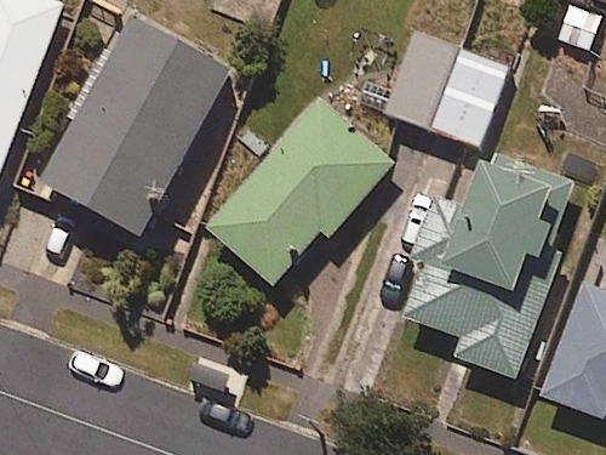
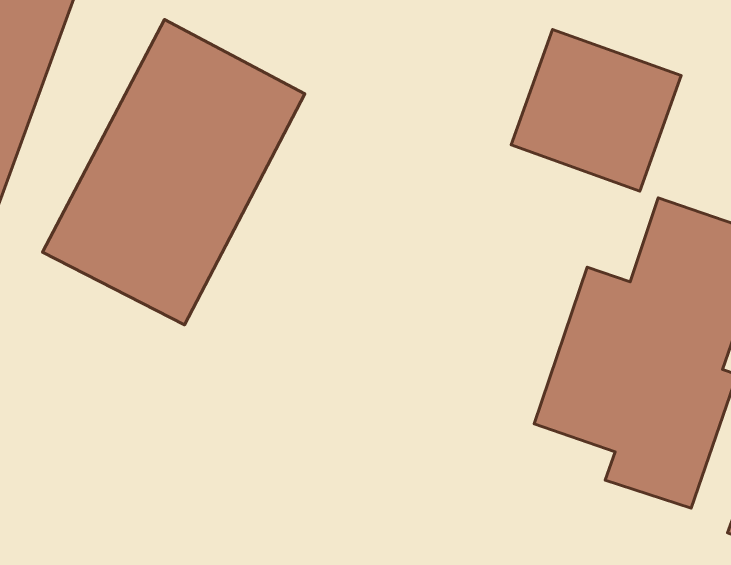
building: [205,97,390,284] -> none

